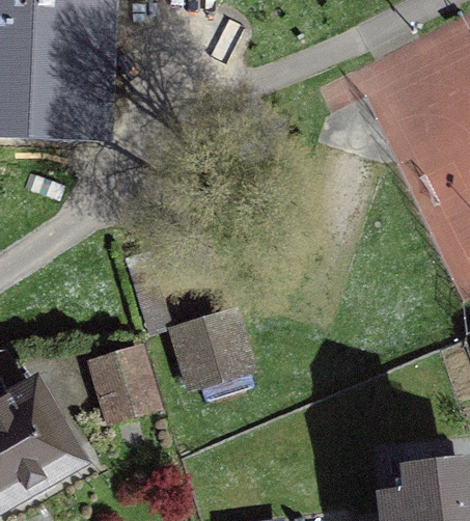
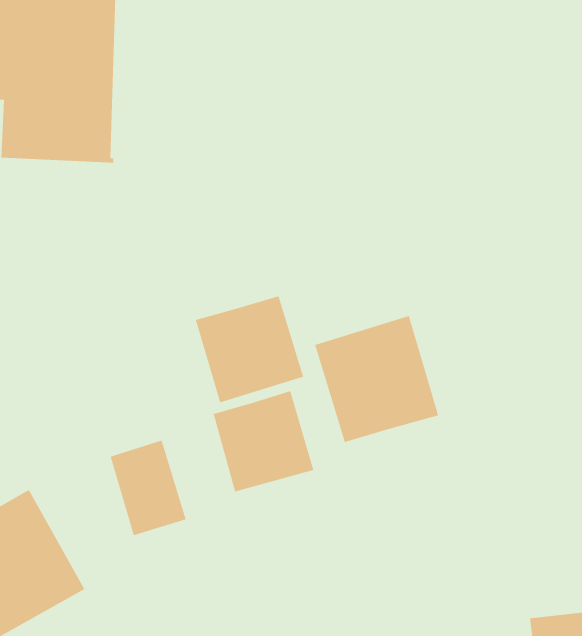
building: none -> [195,295,304,403]
building: none -> [315,315,439,443]

